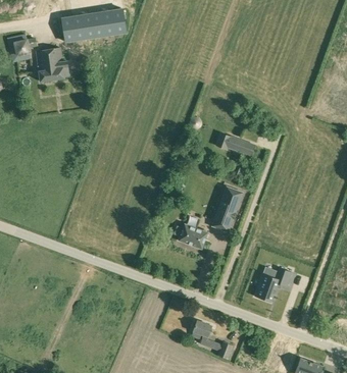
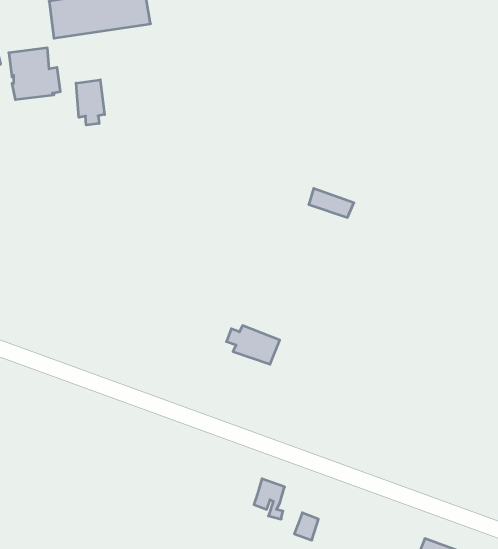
building: none -> [76,80,105,125]
building: [210,185,243,232] -> none
building: [253,267,290,302] -> none

